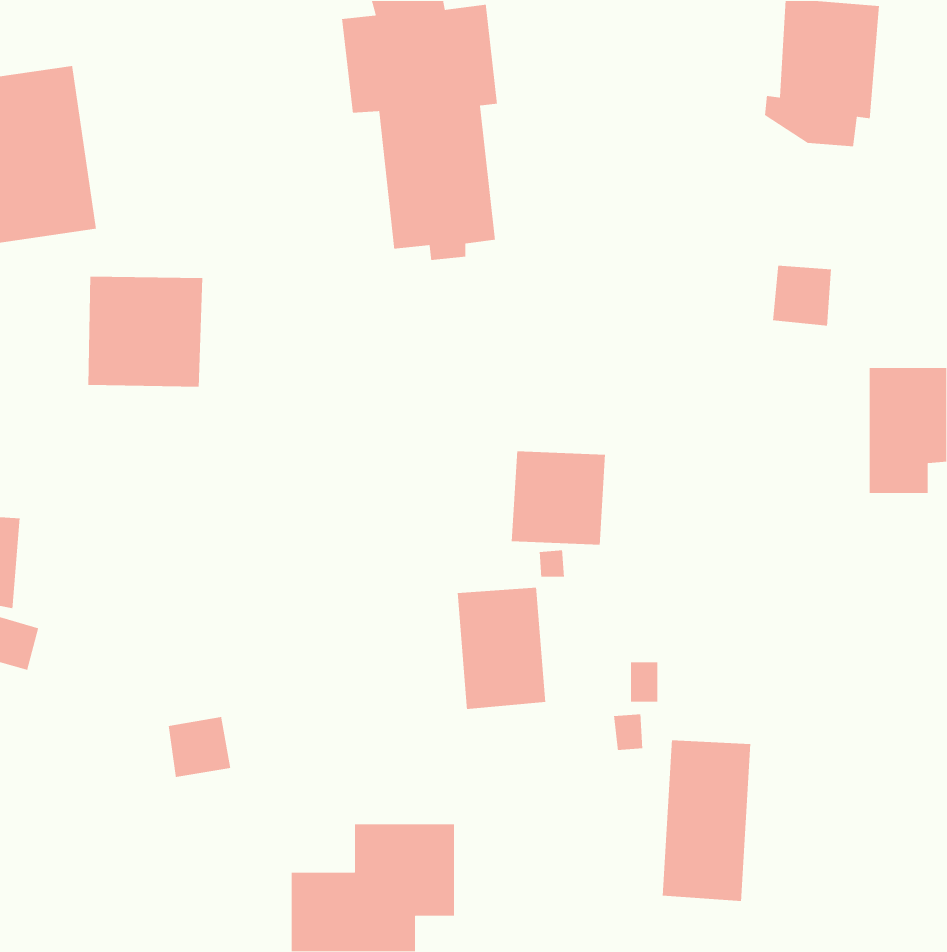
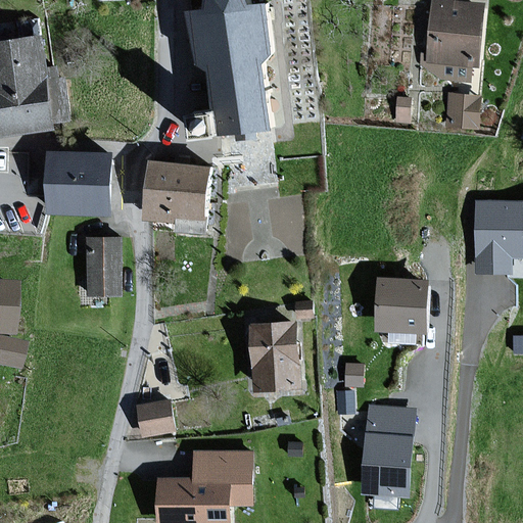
building: [772,265,832,326] -> [445,93,478,127]
building: none -> [144,161,208,220]
building: none -> [86,238,118,294]
building: [511,450,606,545] -> [376,278,428,330]
building: [168,716,231,778] -> [138,400,173,434]

